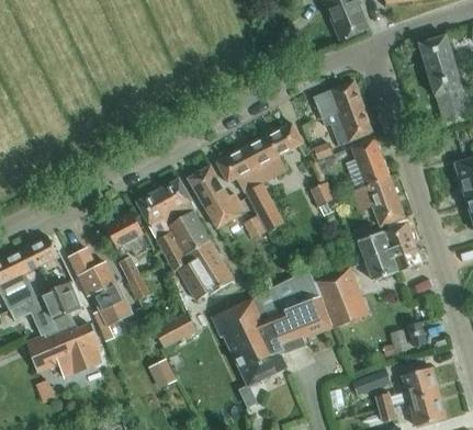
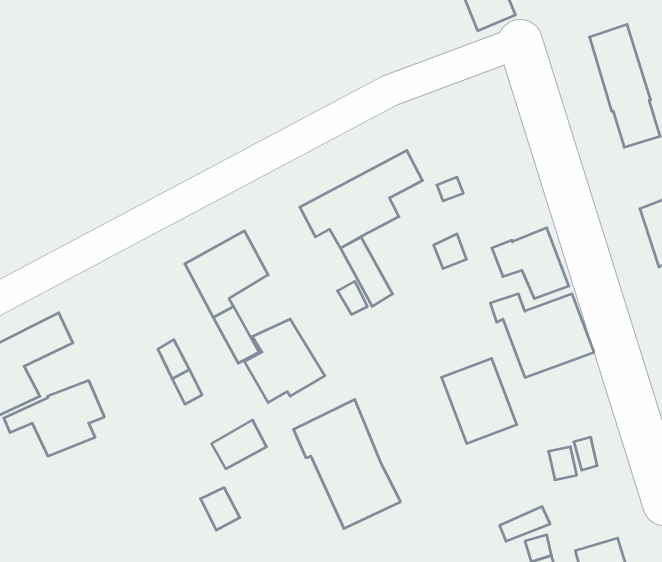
building: [313,80,372,146] -> none
building: [350,137,388,186] -> none
building: [187,166,245,229] -> none
building: [167,211,210,252] -> none
building: [105,213,148,254] -> none
building: [68,248,132,340] -> none
building: [255,269,331,354] -> none
building: [26,322,101,376] -> none
building: [401,367,438,401] -> none

